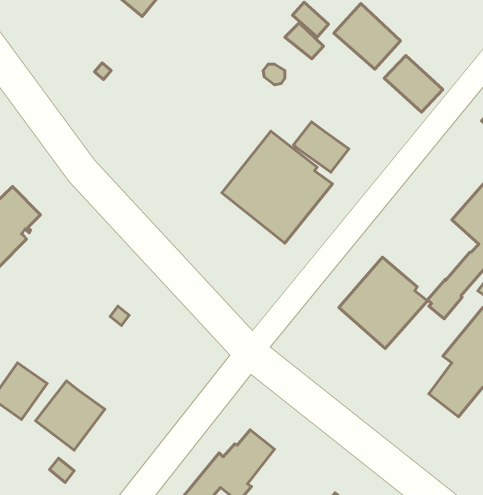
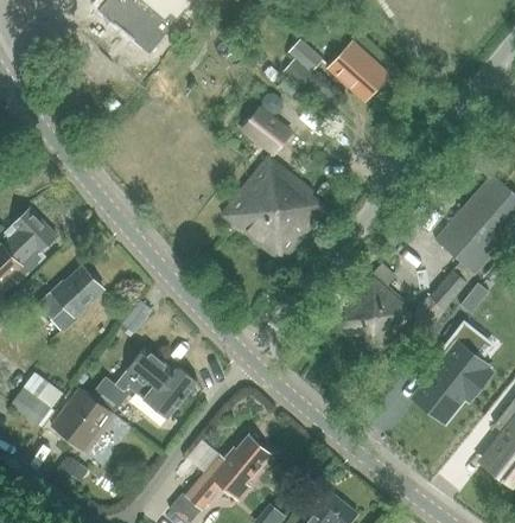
building: [384,56,443,112] -> none
building: [293,122,349,172] -> [240,107,291,153]
building: none -> [37,266,103,319]
building: none -> [90,346,196,422]

